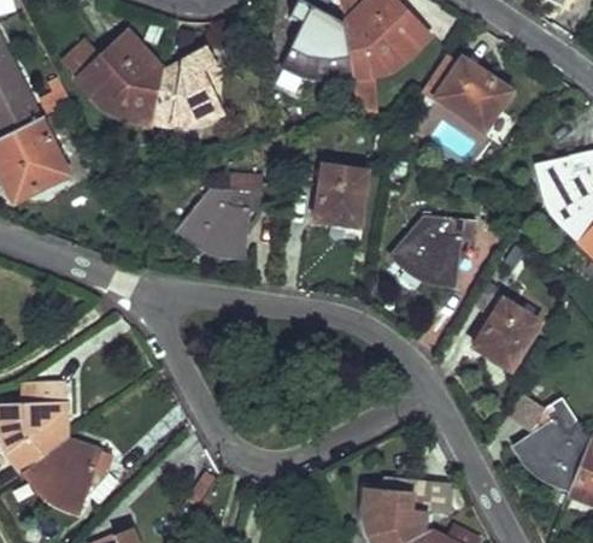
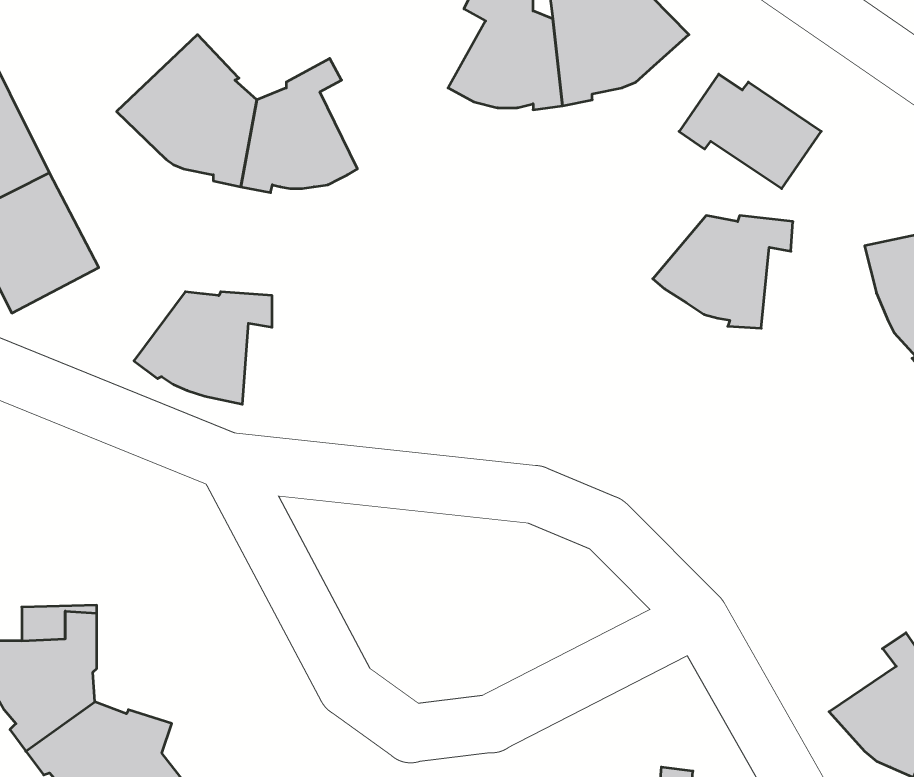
building: [316,167,365,224] -> none
building: [177,190,262,259] -> [134,292,272,404]
building: [391,218,476,287] -> [653,216,793,328]
building: [474,302,539,368] -> none

